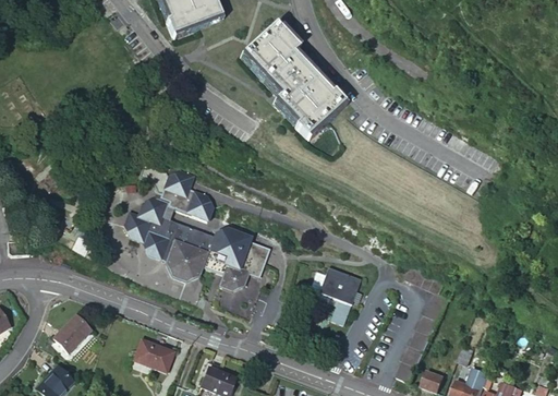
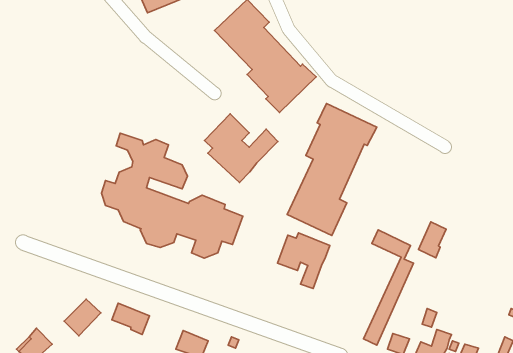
building: none -> [287,103,377,235]
building: none -> [204,114,278,182]
building: none -> [418,222,446,258]
building: [54,314,93,352] -> [64,299,101,336]

